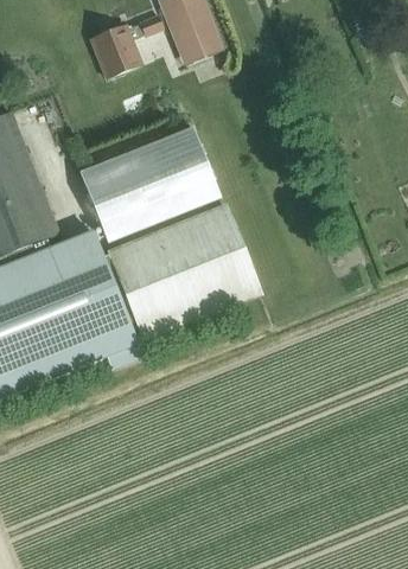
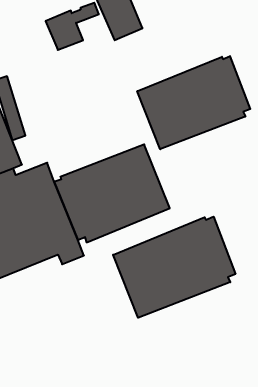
building: none -> [137,56,250,149]
building: [78,124,221,242] -> none
building: none -> [113,217,235,318]

